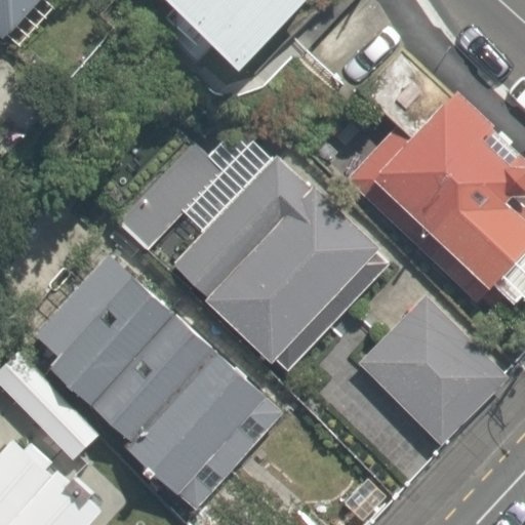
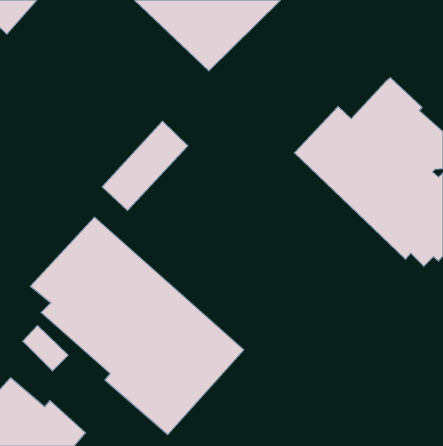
building: [174,154,378,362] -> none
building: [358,293,510,447] -> none

